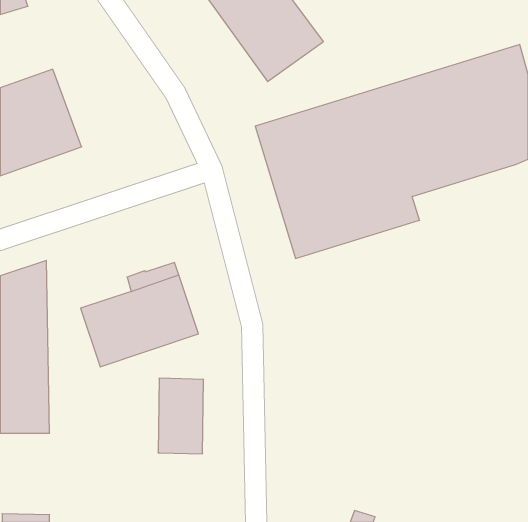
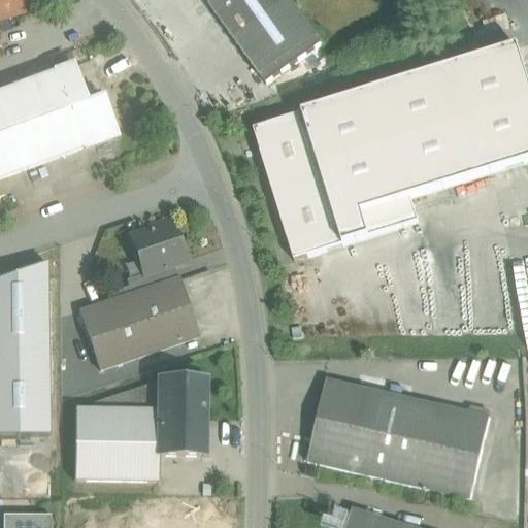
building: none -> [53,61,117,146]
building: none -> [130,218,183,271]
building: none -> [308,376,490,497]
building: none -> [74,377,159,478]

